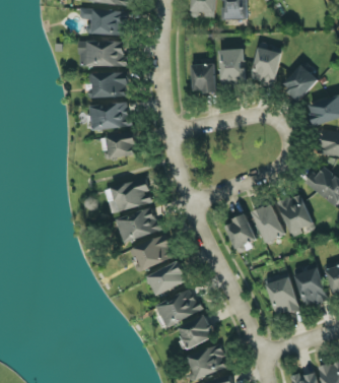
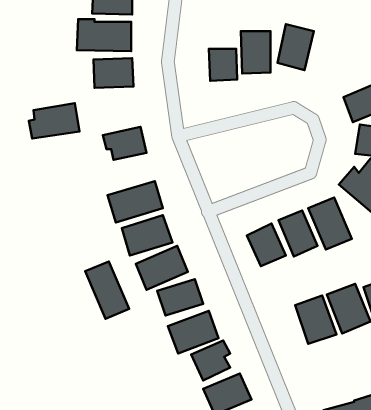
building: [281,62,321,102] -> none
building: [86,101,130,131] -> [29,103,79,139]
building: none -> [85,261,129,319]

